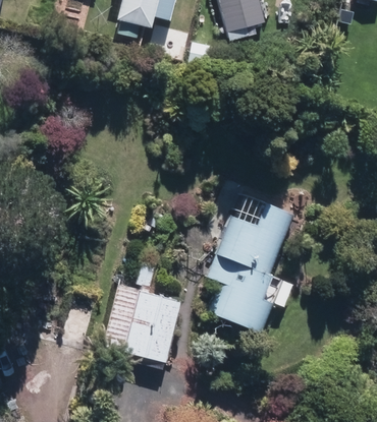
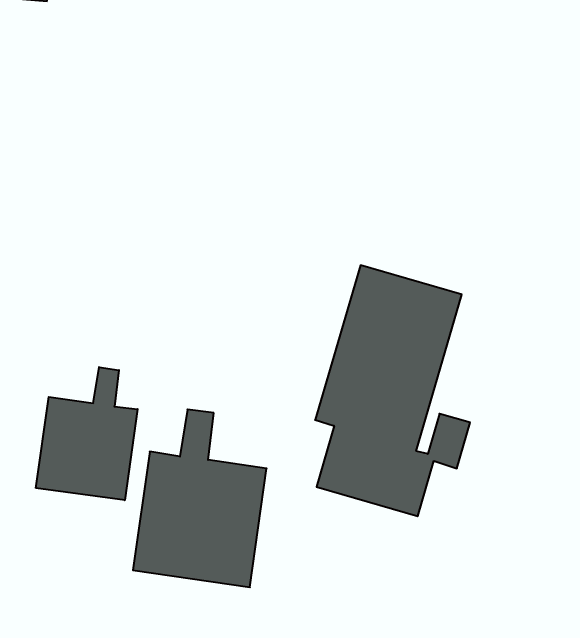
building: none -> [36,367,138,500]

